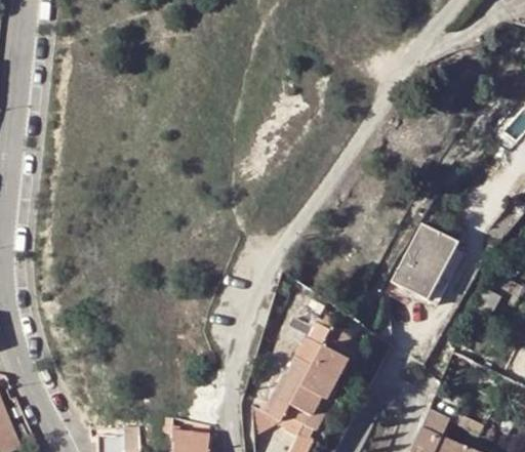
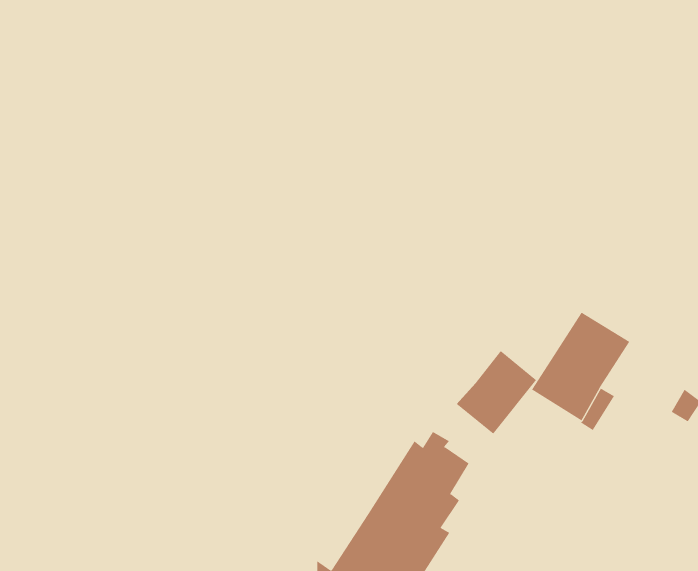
building: none -> [456,350,537,435]

